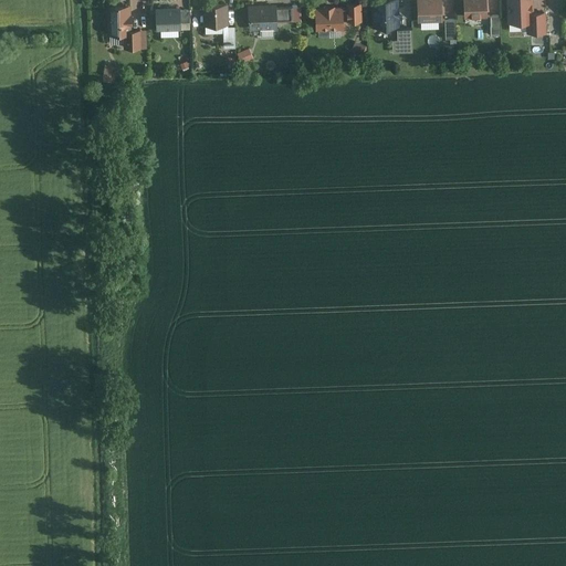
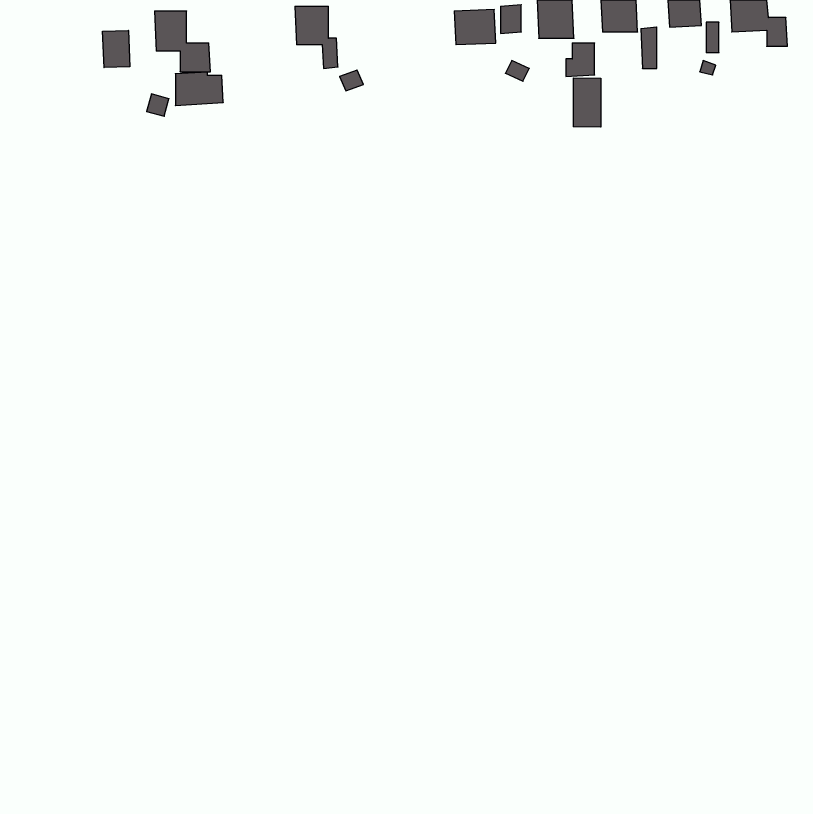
building: [249,4,292,30] -> none
building: [157,8,190,31] -> [175,72,223,106]
building: none -> [103,30,130,68]
building: none -> [573,78,601,127]

